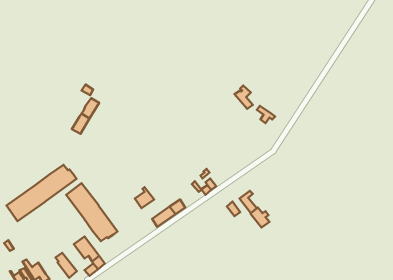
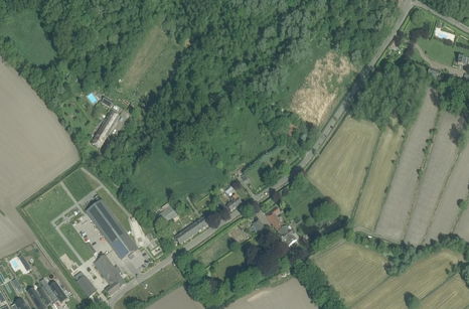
building: [7,165,76,221] -> none

